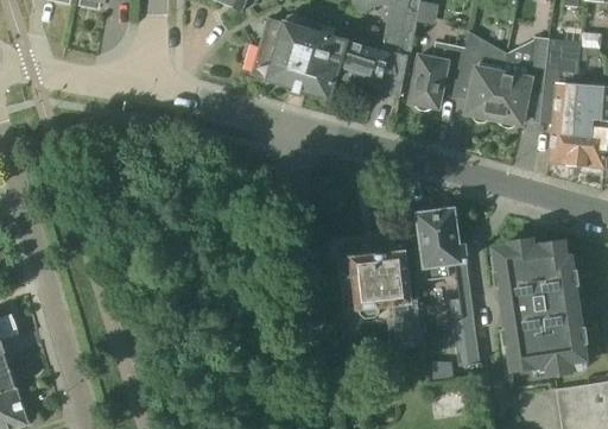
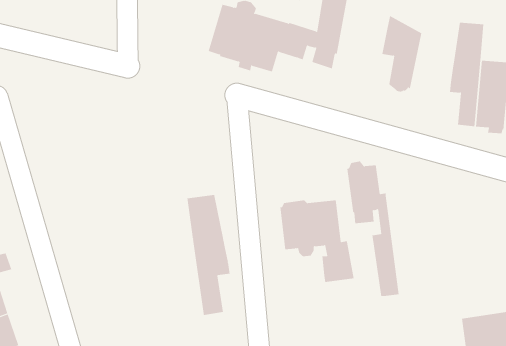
building: [493,36,551,126] -> none
building: [410,40,464,109] -> none
building: [493,238,588,373] -> none
building: none -> [187,194,230,316]

